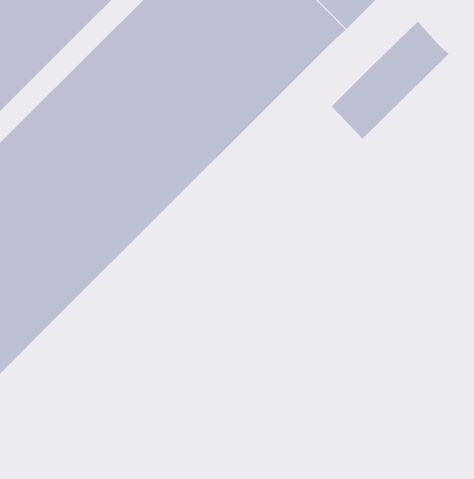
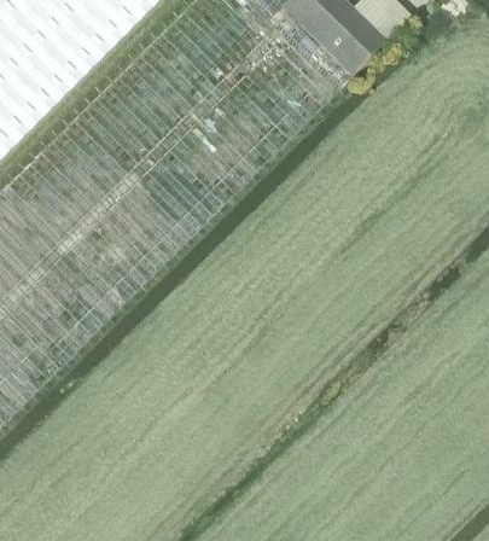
building: [331,21,450,140] -> none

